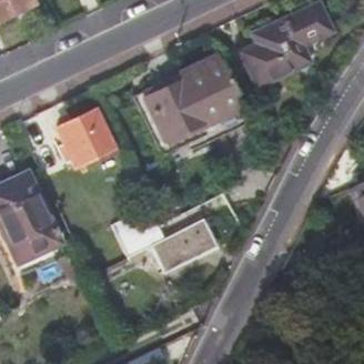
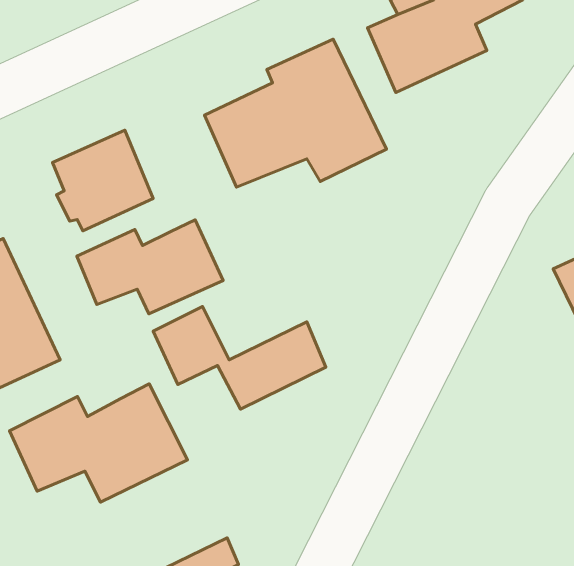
building: none -> [77,220,223,314]
building: none -> [10,384,187,502]

